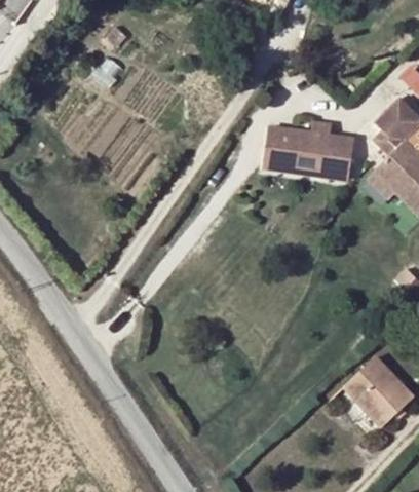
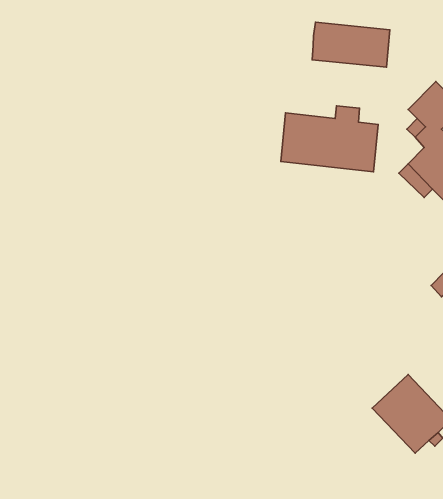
building: none -> [312,22,390,67]

